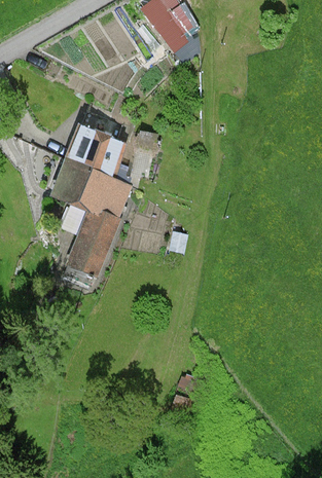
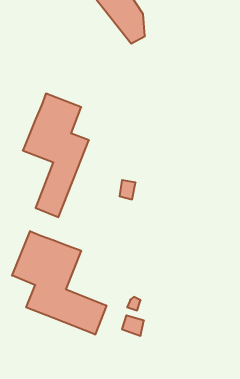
building: none -> [12,231,106,335]

